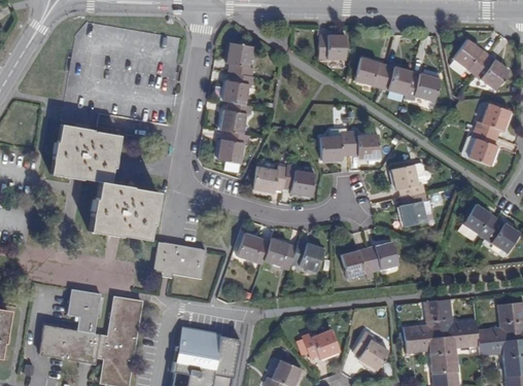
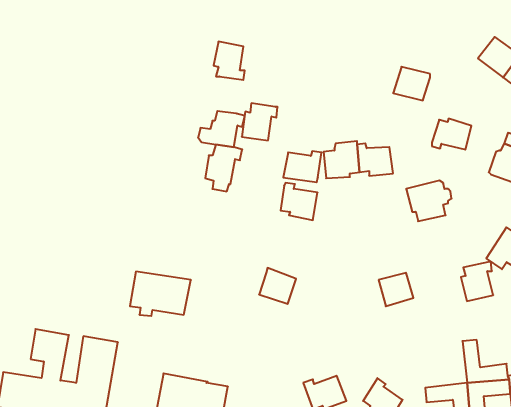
building: [319,34,346,59] -> none
building: [355,57,387,86] -> none
building: [222,72,253,104] -> [242,103,278,140]
building: [406,72,440,99] -> [432,119,471,150]
building: [54,127,159,240] -> none
building: [253,165,286,191] -> [283,151,322,182]
building: [399,191,427,225] -> [461,262,493,301]
building: [239,233,271,262] -> none
building: [291,240,324,271] -> none
building: [343,247,374,277] -> none
building: [407,300,444,340] -> none

